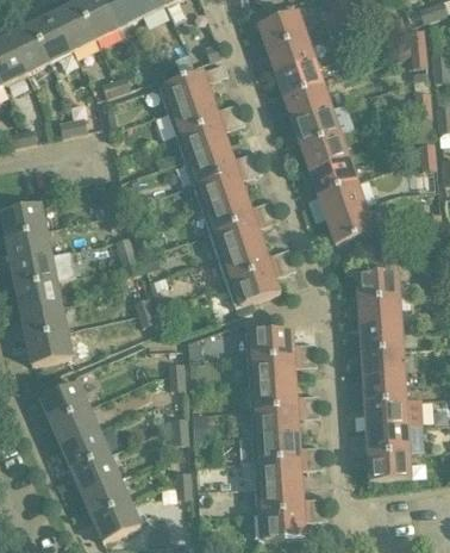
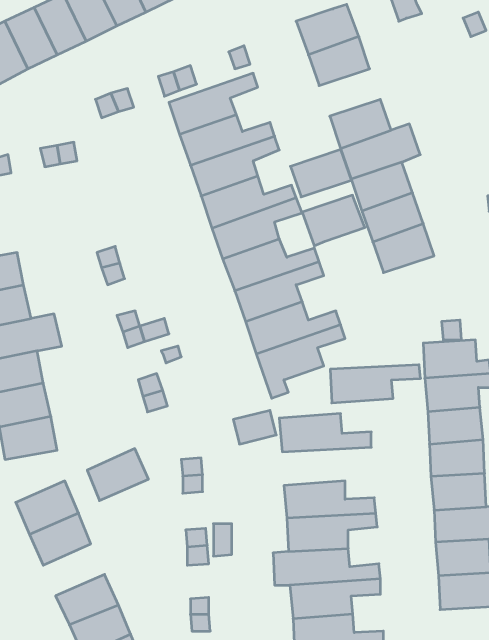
building: [275,60,323,97] -> [290,149,352,197]
building: [325,205,374,244] -> [302,195,365,246]
building: [246,354,317,384] -> [330,365,421,403]
building: [61,429,108,470] -> [87,449,148,501]

